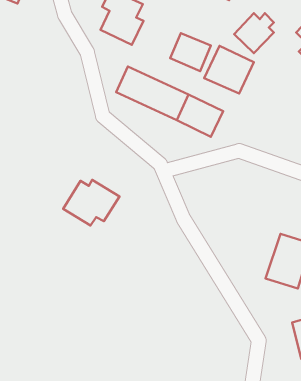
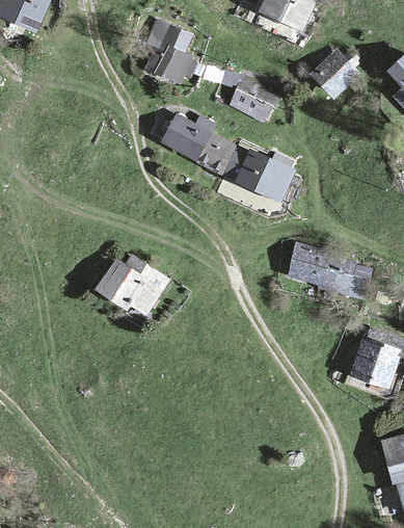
building: [204,46,254,94] -> none
building: none -> [287,241,359,294]

